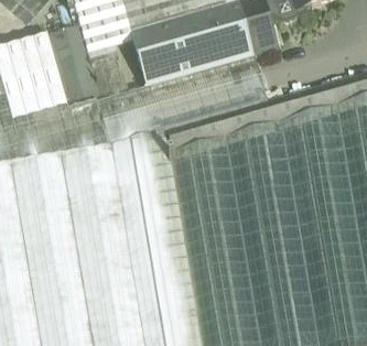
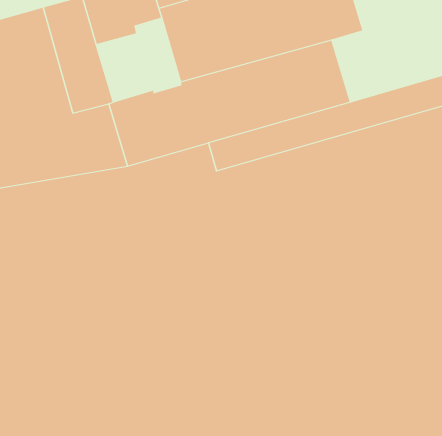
building: [88,55,129,104] -> none

